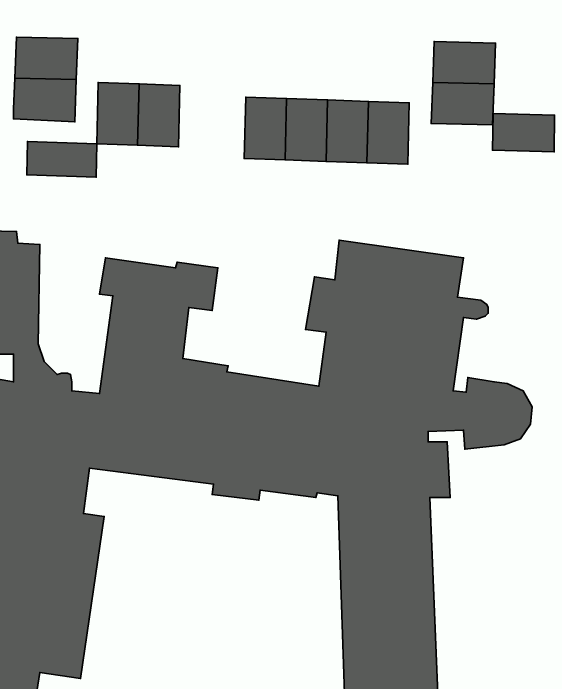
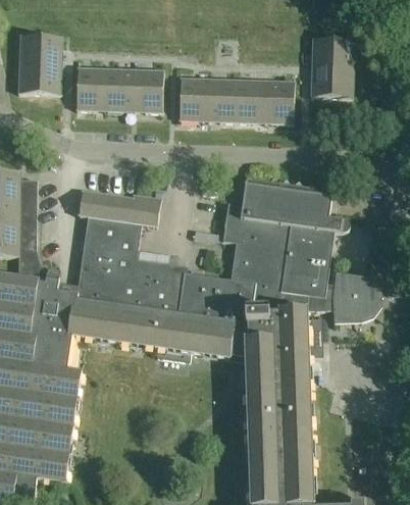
building: none -> [133,69,163,113]
building: [493,114,554,152] -> none
building: [27,141,97,177] -> none

